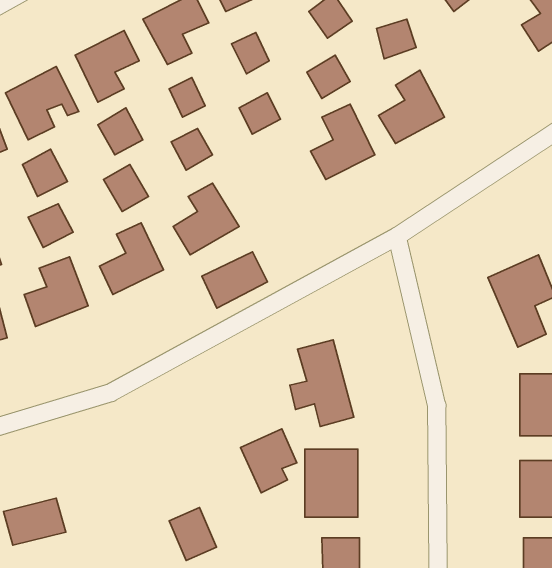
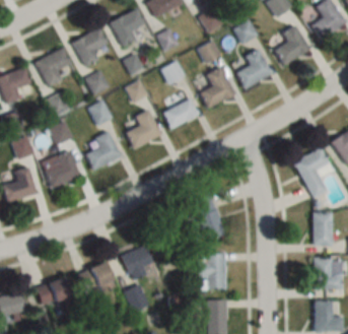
building: none -> [274,25,310,66]
building: [202,252,268,308] -> [162,98,198,129]
building: [240,429,297,493] -> [122,246,152,280]
building: none -> [77,262,114,292]

